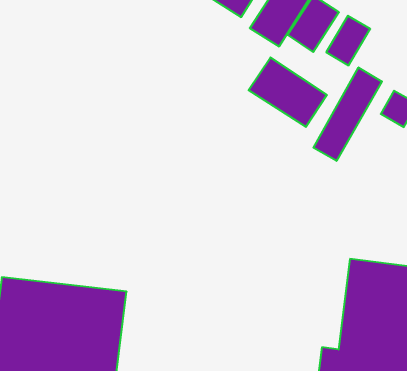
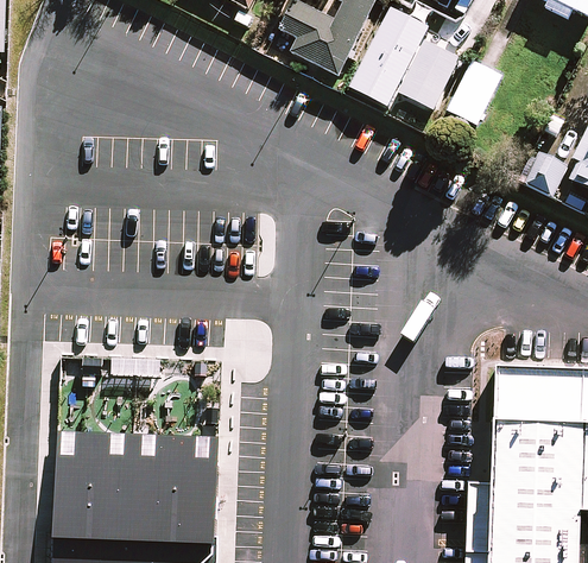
building: [249,57,327,127] -> none
building: [313,67,382,161] -> none

